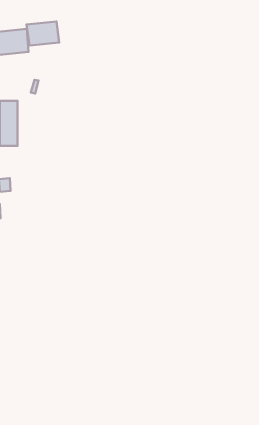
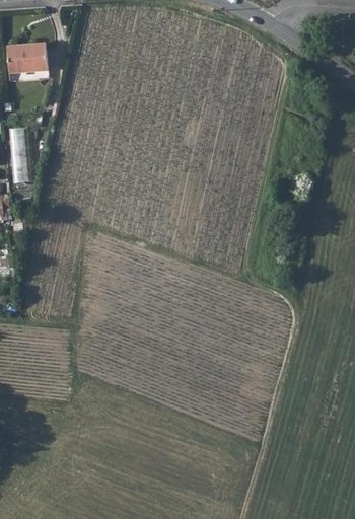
building: [27,21,59,45] -> none

